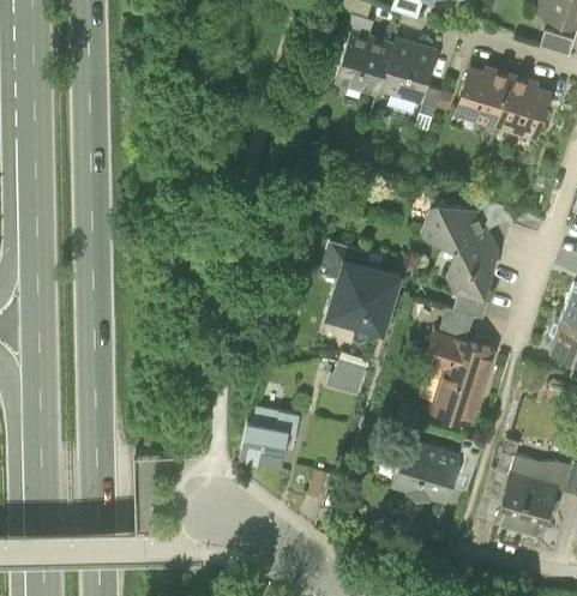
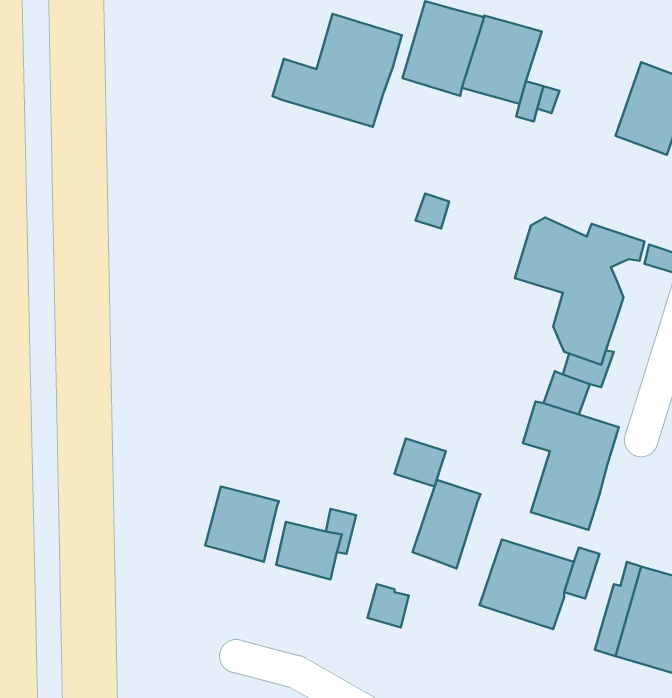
building: none -> [273,14,402,127]
building: [453,61,513,131] -> none
building: [327,257,401,330] -> none
building: none -> [412,480,481,568]
building: none -> [205,487,279,562]

